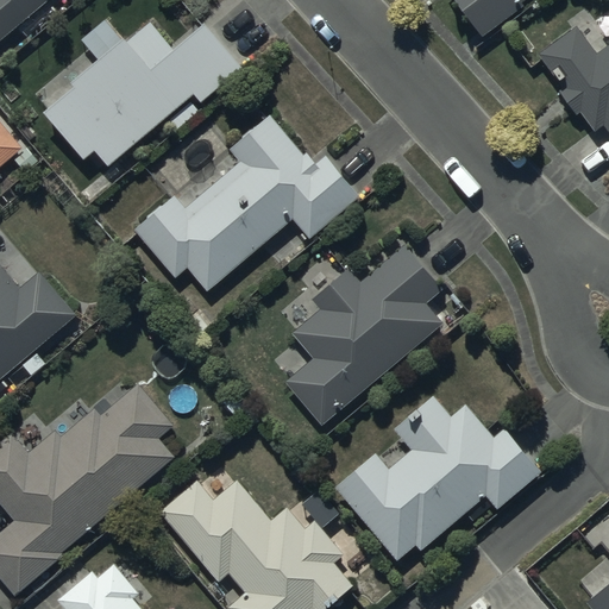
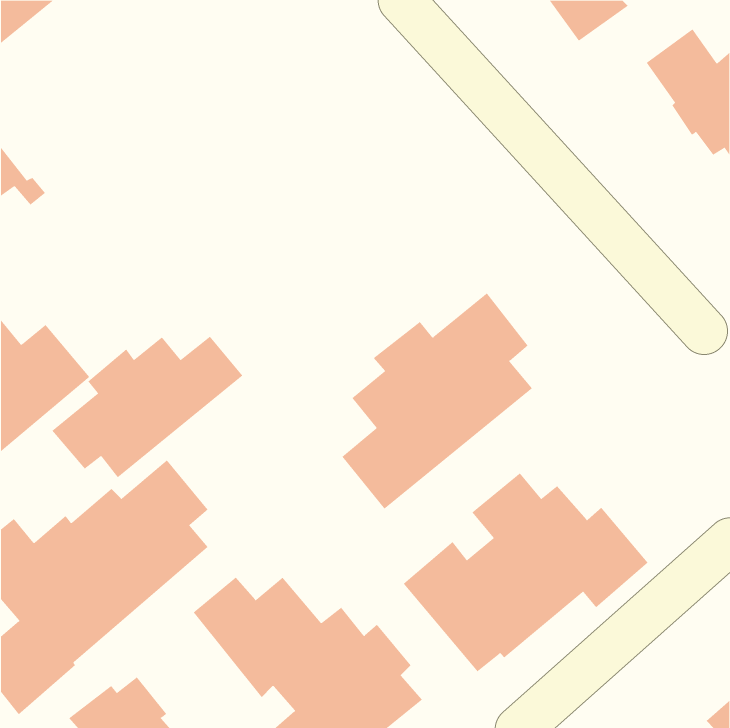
building: [43,25,240,167] -> none
building: [136,115,359,289] -> none
building: none -> [52,336,243,478]

